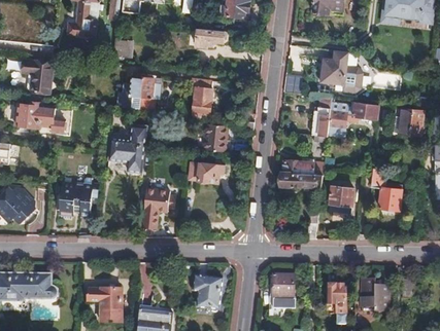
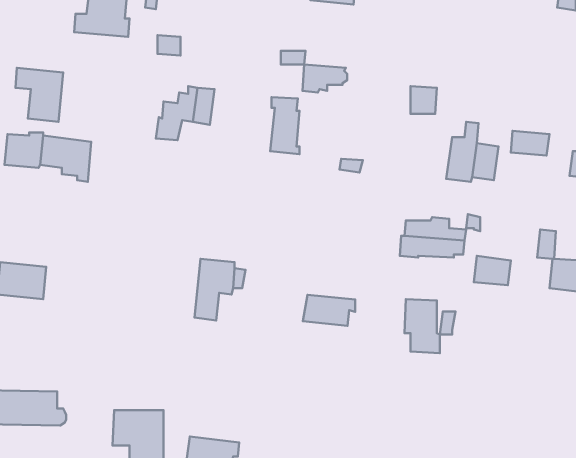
building: [197,28,227,46] -> [303,65,347,92]
building: [320,49,363,91] -> none
building: [202,123,227,151] -> none
building: [109,125,145,172] -> none
building: [188,161,223,182] -> [303,295,355,326]
building: [59,188,94,219] -> none
building: [271,272,295,308] -> [404,299,440,353]
building: [194,275,222,308] -> none
building: [361,278,388,311] -> none
building: [323,284,344,312] -> none

